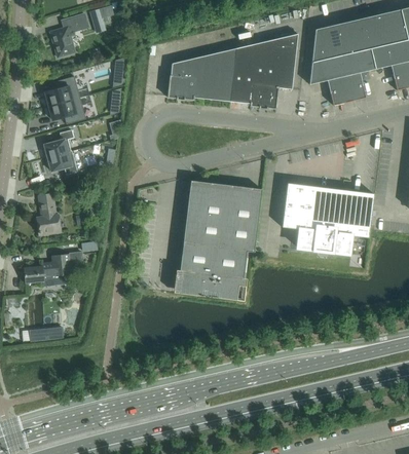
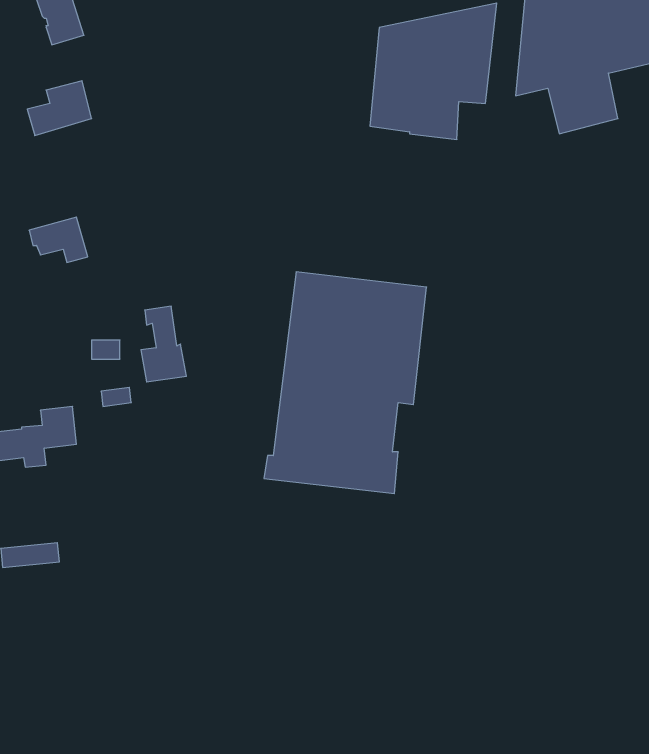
building: [168,47,235,101] -> none
building: [48,97,85,124] -> none
building: [43,129,73,157] -> none
building: [282,183,373,253] -> none
building: [36,193,61,234] -> [141,306,186,382]

